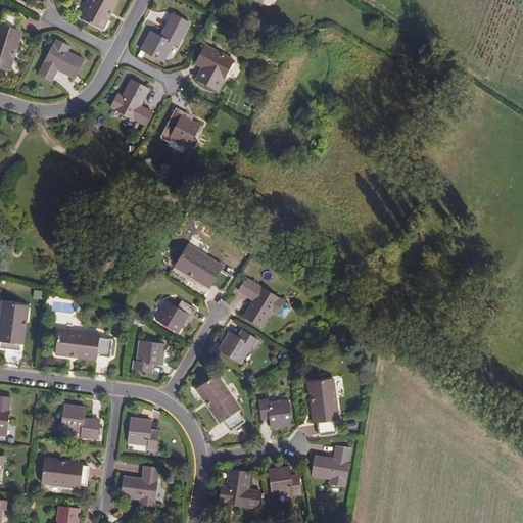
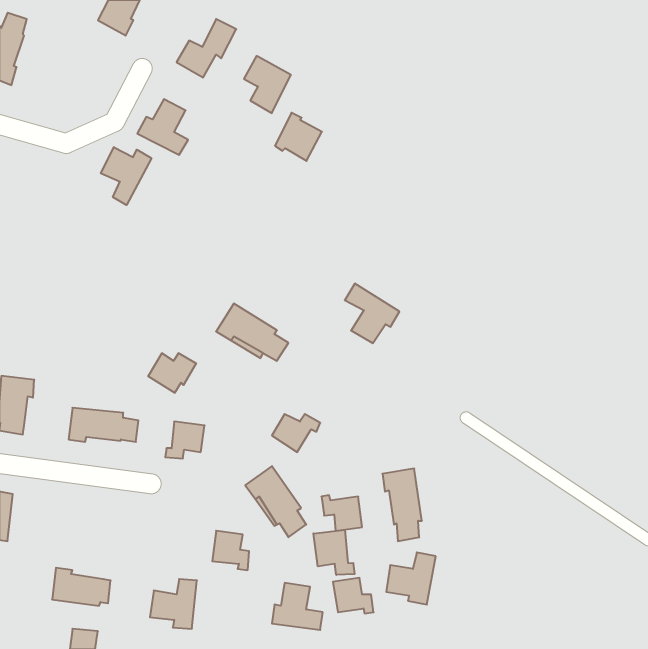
building: [39,38,85,79] -> none
building: [162,108,200,147] -> [275,113,322,161]
building: none -> [101,147,151,205]
building: [238,279,282,327] -> [345,284,399,343]
building: [155,300,194,332] -> [148,353,196,393]
building: [61,403,100,437] -> none
building: [128,417,157,448] -> [212,531,249,570]
building: none -> [313,530,355,575]

